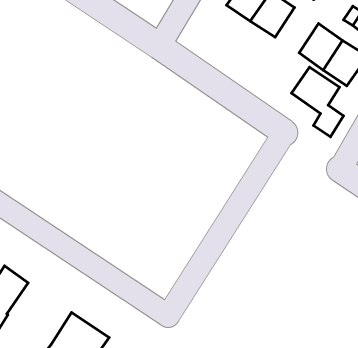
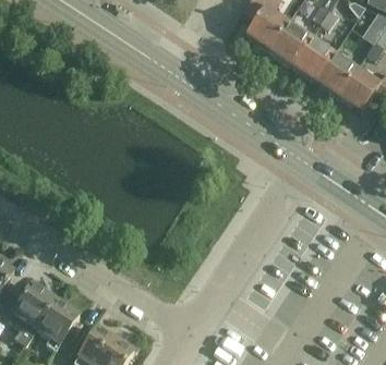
building: none -> [292,34,334,77]
building: [292,67,344,137] -> none
building: none -> [35,297,80,349]

